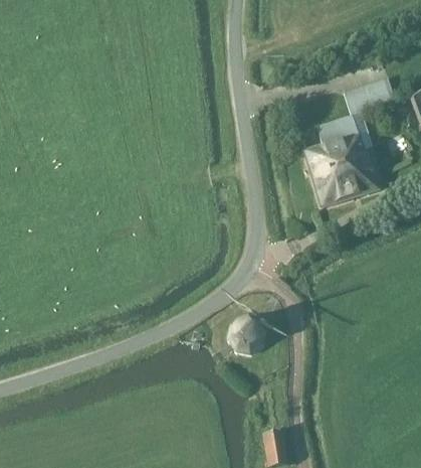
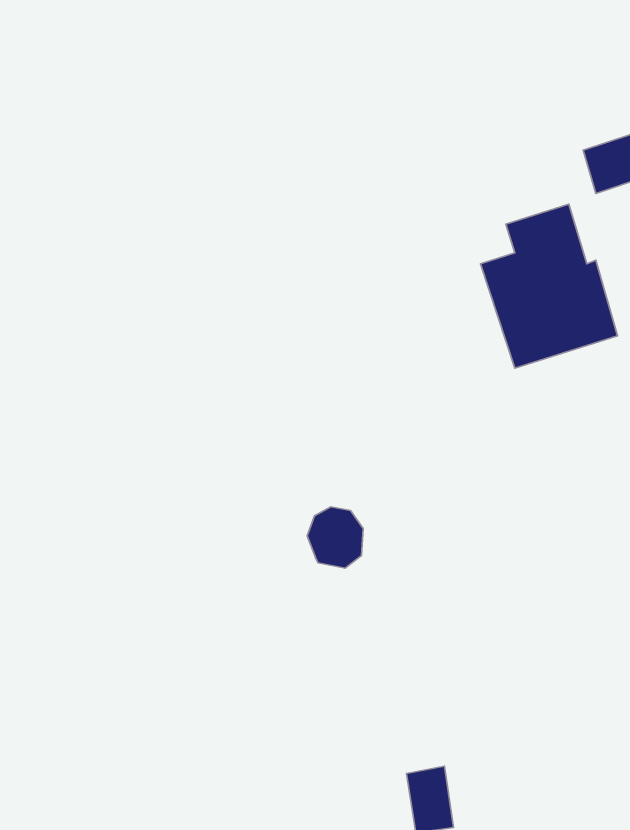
building: [231,318,262,352] -> [307,507,363,568]

